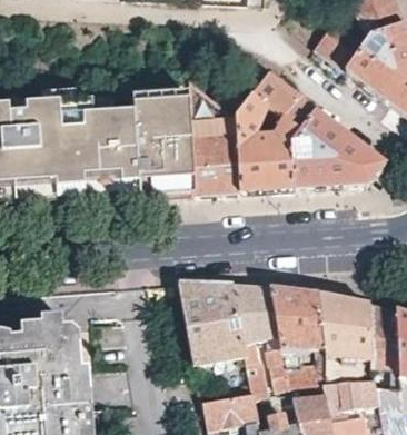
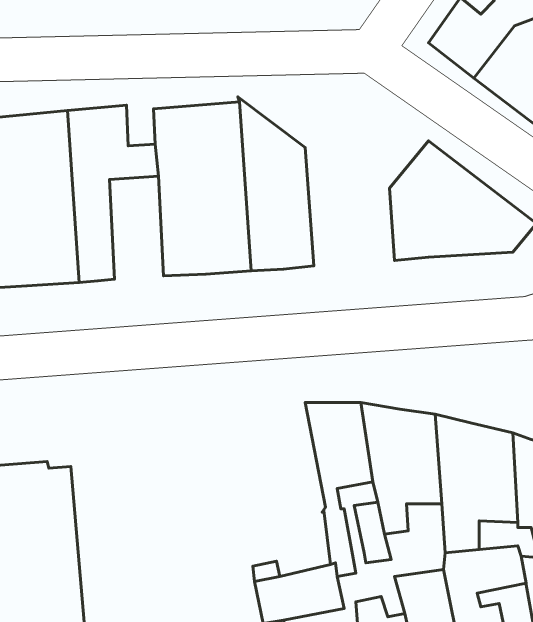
building: [235,73,316,191] -> none
building: [106,132,141,200] -> none
building: [178,279,248,364] -> none

